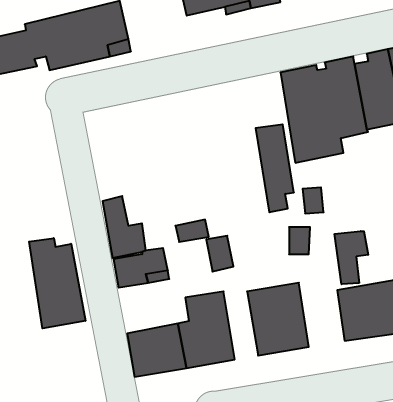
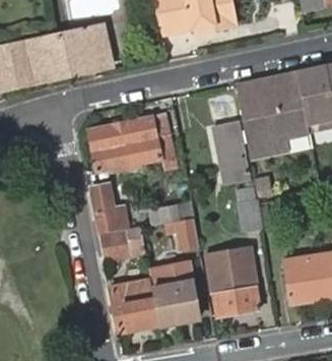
building: none -> [88,109,177,171]
building: [335,231,368,284] -> none
building: [29,238,85,328] -> none

